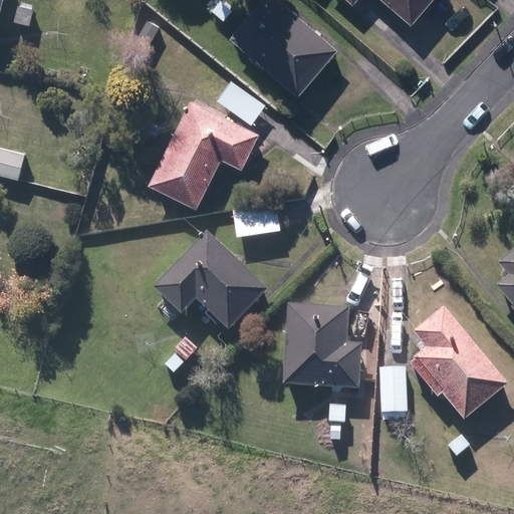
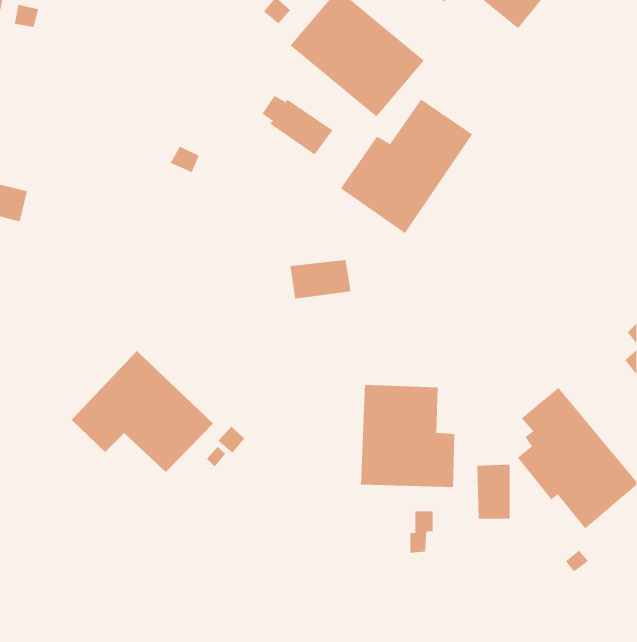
building: none -> [340,99,473,234]
building: [150,99,259,206] -> none
building: [155,233,268,330] -> [71,350,214,473]

